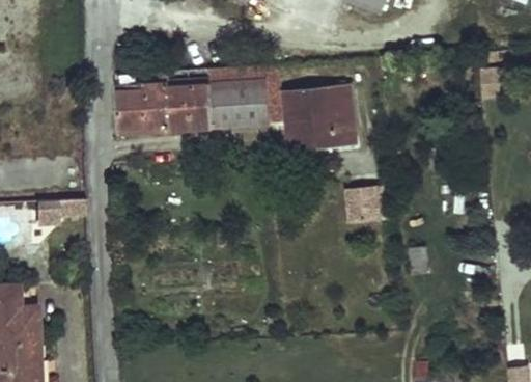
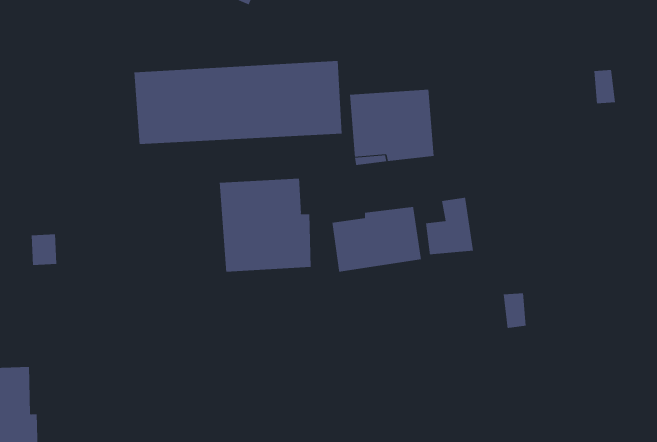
building: none -> [219,178,311,273]
building: none -> [332,206,421,273]

